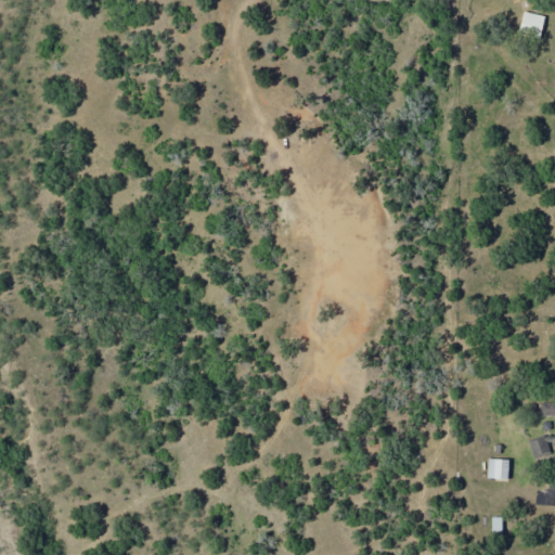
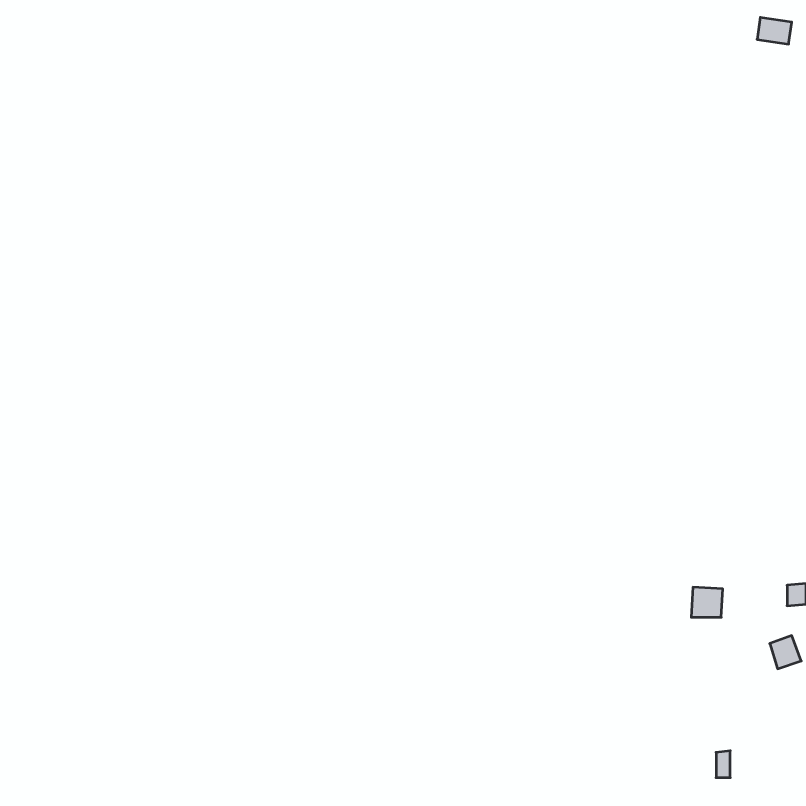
building: [488,459,509,479] -> [691,587,723,617]

